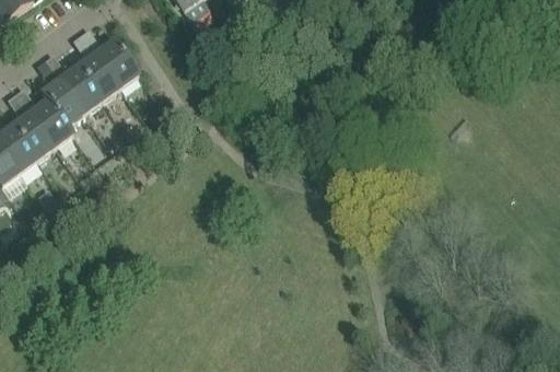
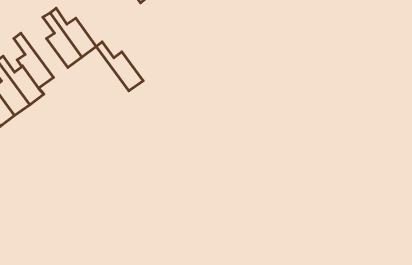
building: [45,51,103,112] -> [96,42,143,91]

